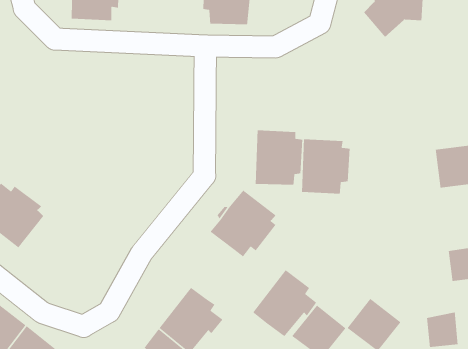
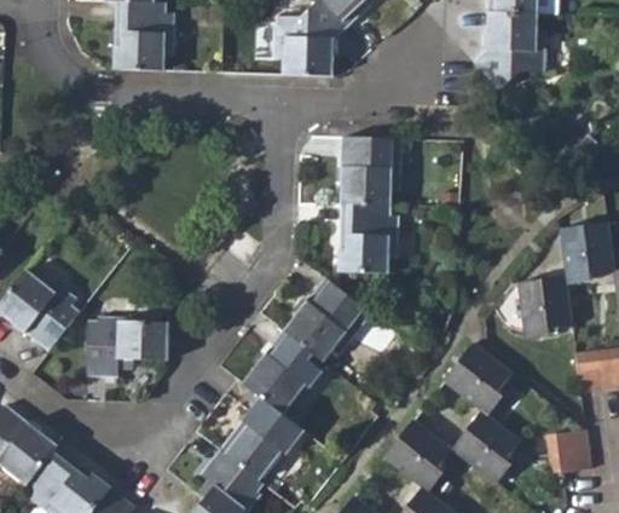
building: [301,138,350,194] -> [341,138,401,207]
building: none -> [517,277,573,332]
building: none -> [87,316,172,376]
building: none -> [441,344,510,411]
building: [252,269,317,337] -> [242,330,322,414]

